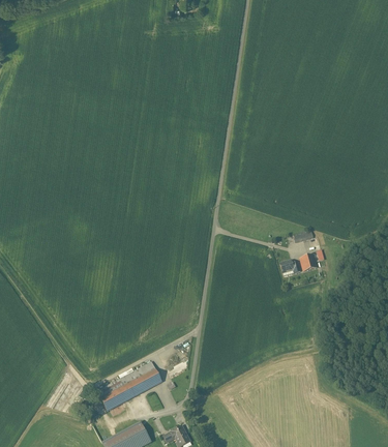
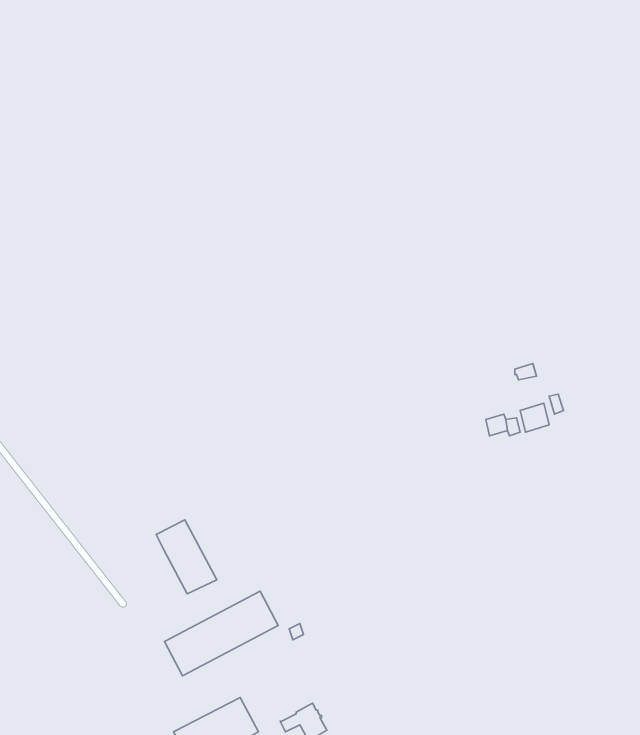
building: none -> [156,520,217,594]

